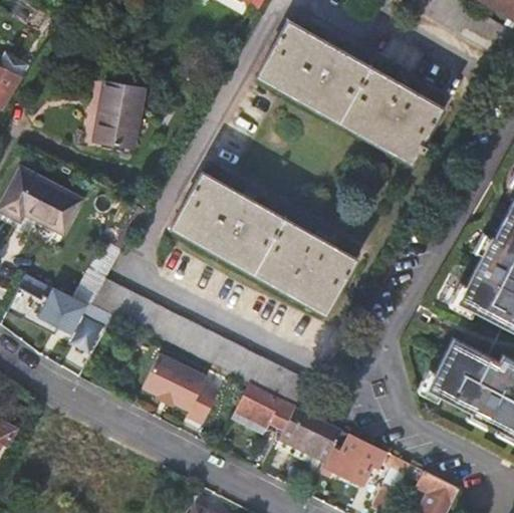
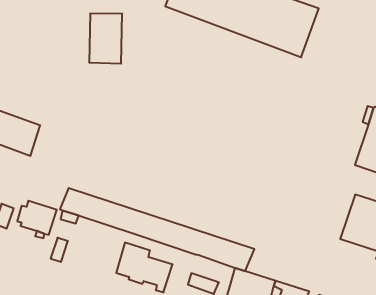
building: [93,82,143,149] -> [89,14,122,64]
building: [171,172,356,313] -> none
building: [239,383,293,428] -> none

